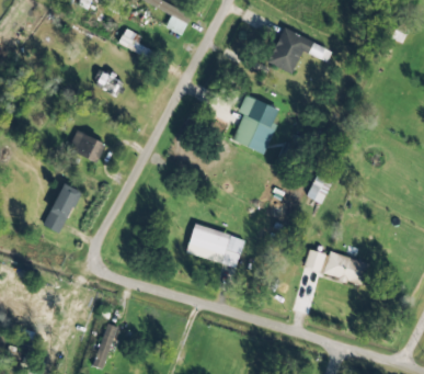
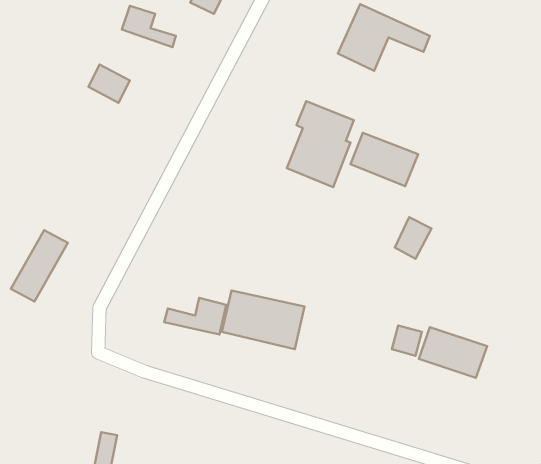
building: none -> [351,133,418,186]
building: [68,131,105,163] -> none
building: none -> [164,298,226,334]

